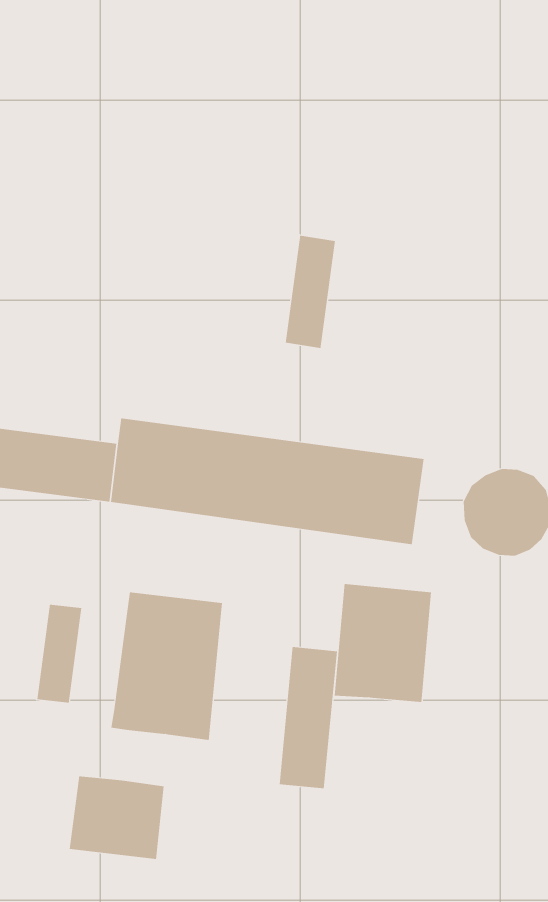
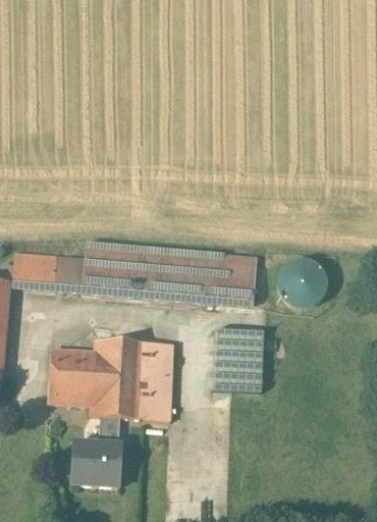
building: [285,235,335,349] -> none
building: none -> [67,350,96,405]
building: [279,647,338,789] -> [146,343,174,420]
building: none -> [99,416,121,446]

